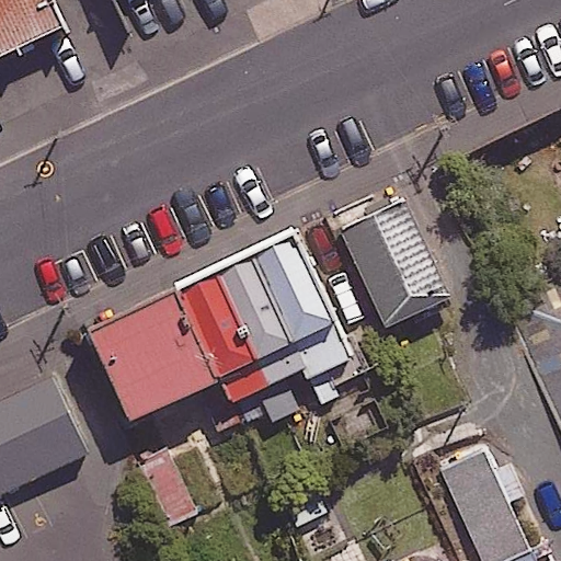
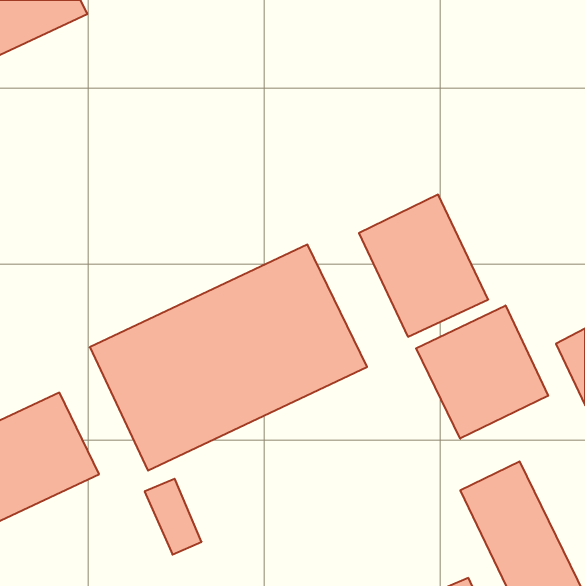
building: none -> [416,305,548,439]

